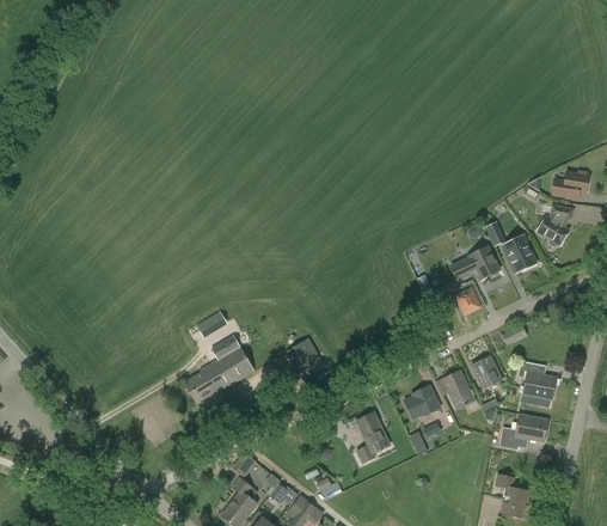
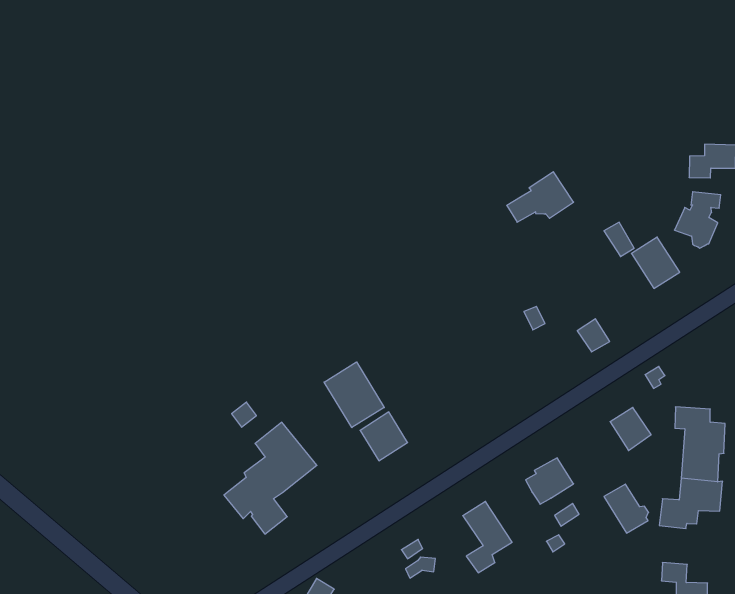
building: [450,246,499,280] -> [507,172,574,222]
building: none -> [324,362,384,428]
building: [443,372,474,408] -> [604,484,649,533]

